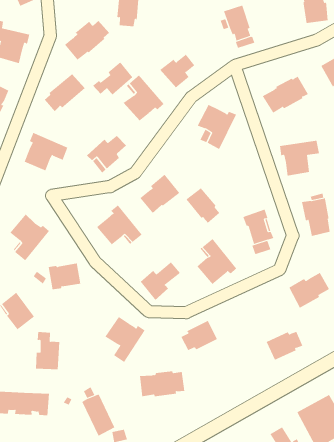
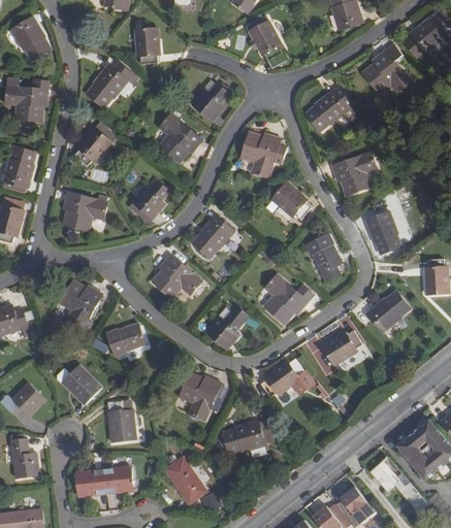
building: [92,62,133,96] -> none
building: [186,187,220,223] -> [271,184,311,221]
building: [266,331,303,361] -> [322,330,362,365]

